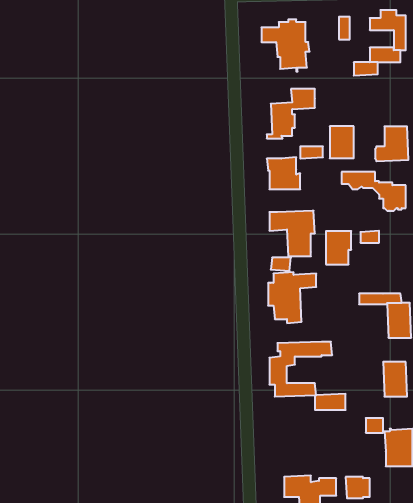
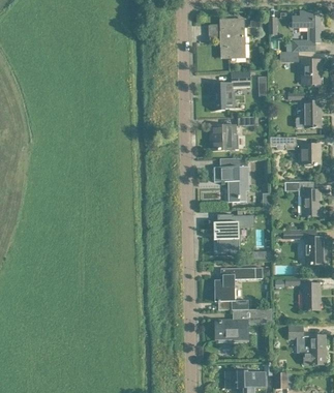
building: [330,126,354,158] -> [302,59,321,84]
building: [326,231,351,264] -> [301,189,321,215]
building: none -> [215,319,247,337]

